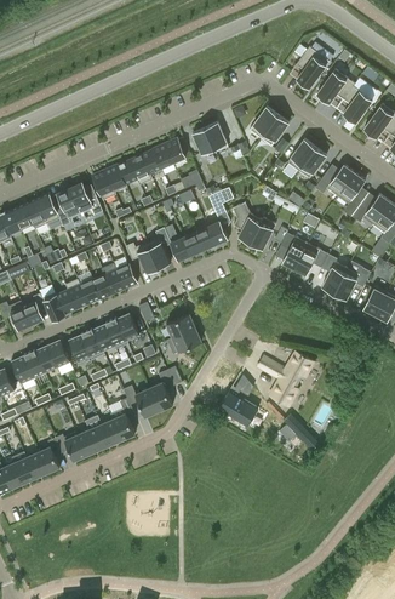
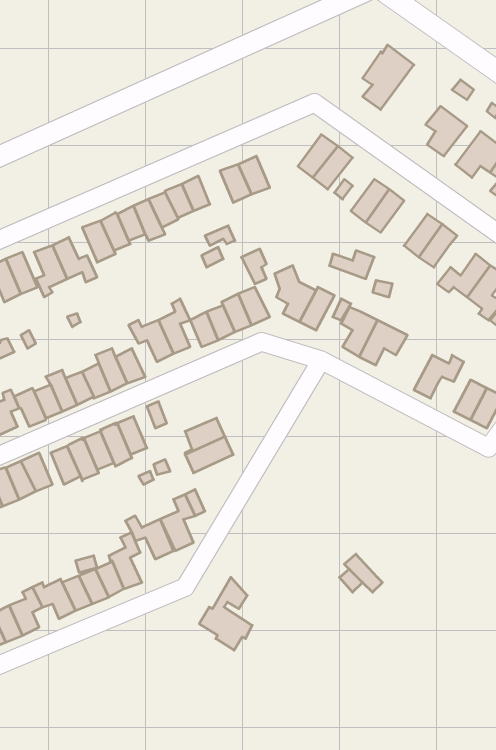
building: [316,69,354,103] -> none
building: [320,253,347,293] -> none
building: [257,350,313,406] -> none
building: [218,375,257,428] -> [199,577,252,650]

